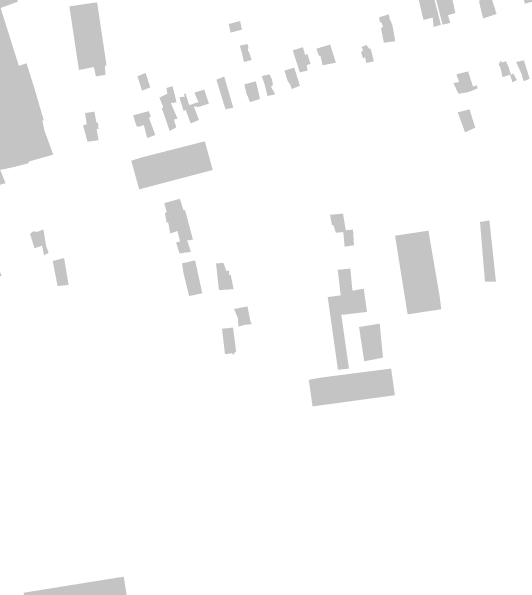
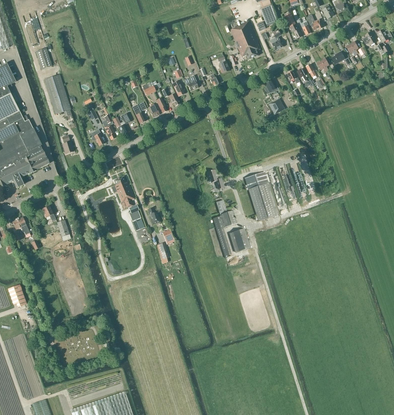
building: [131,140,213,190] -> none
building: [308,368,396,407] -> none

